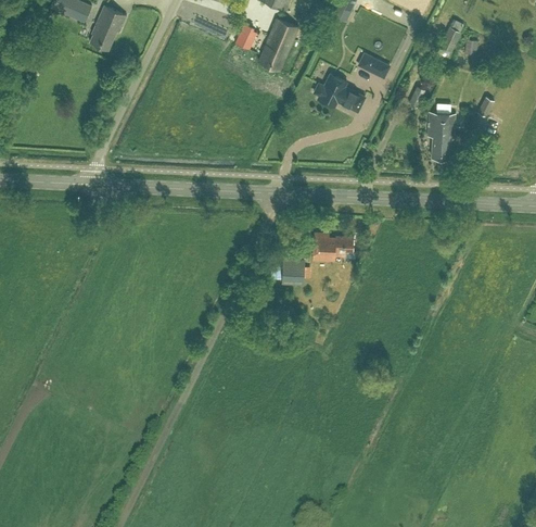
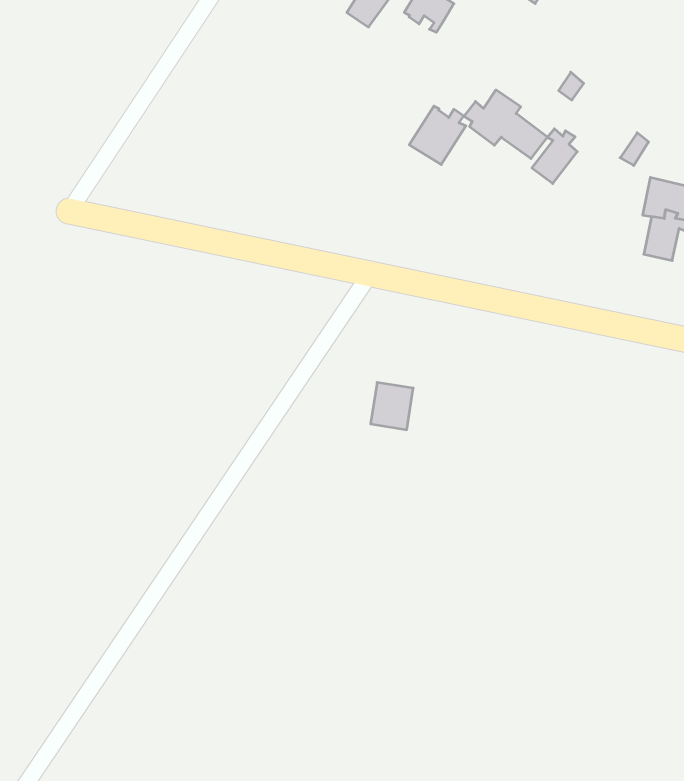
building: [258,38,290,72] -> [409,106,466,165]
building: none -> [532,129,577,184]
building: [312,233,356,262] -> none

